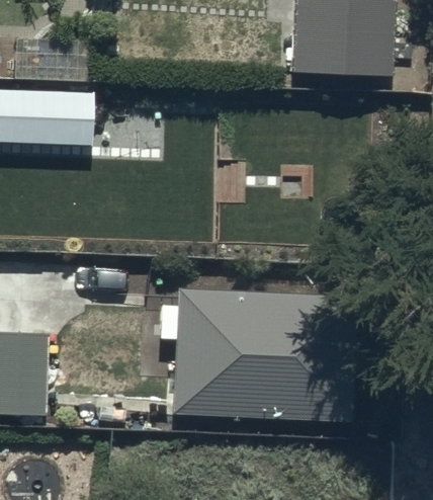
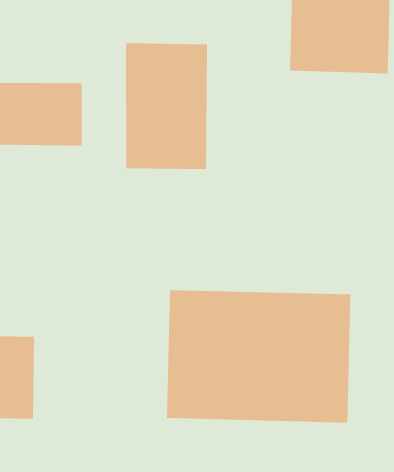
building: none -> [126,43,208,170]

